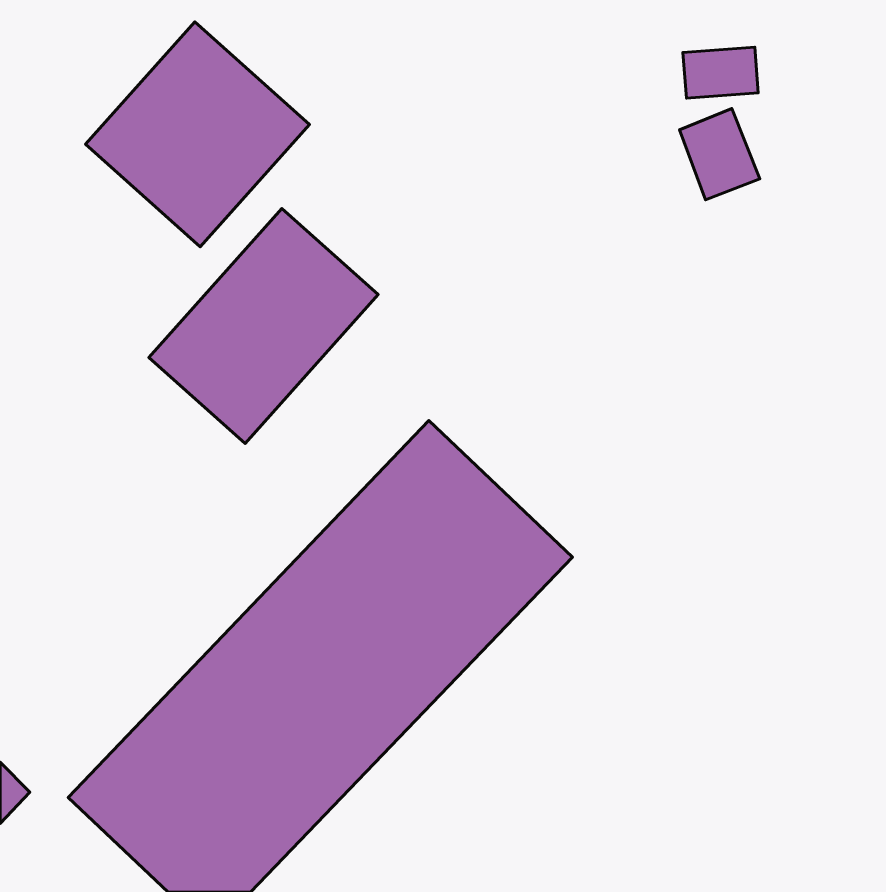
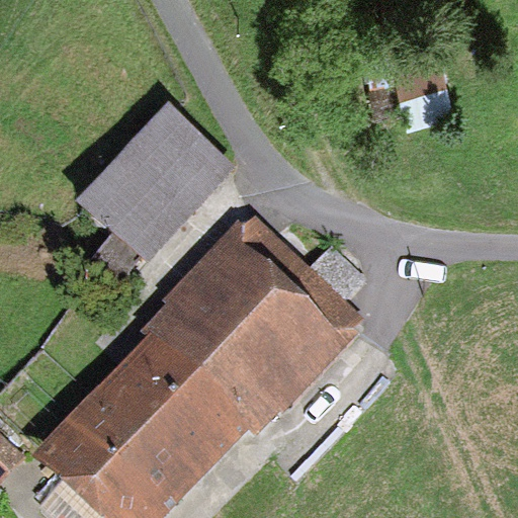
building: [85,22,309,247] -> none

